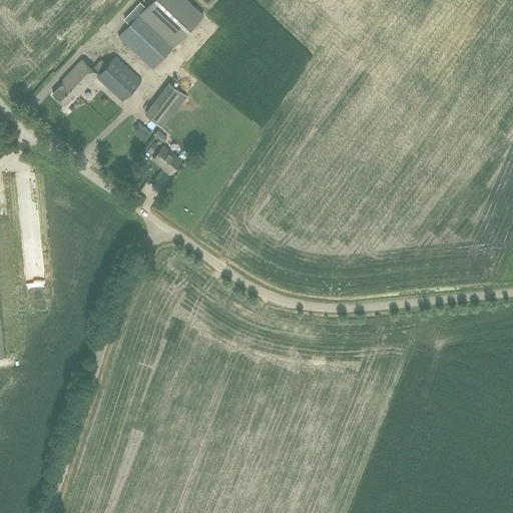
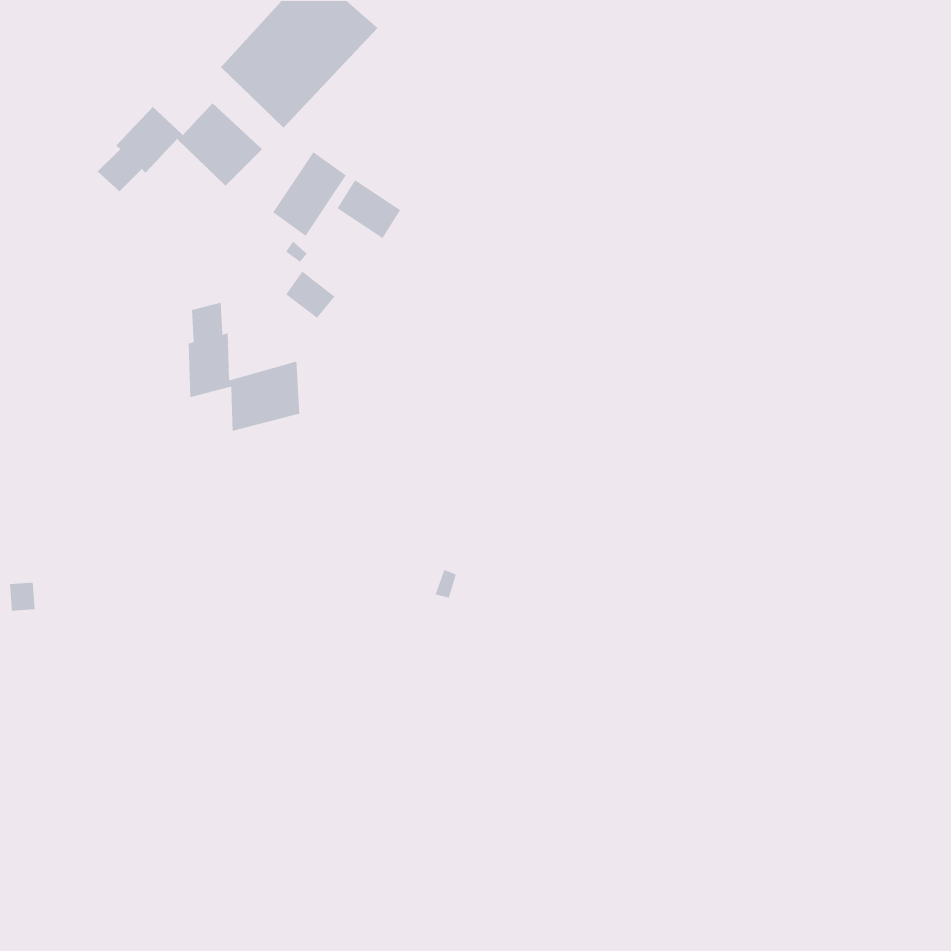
building: none -> [337,179,401,239]
building: none -> [188,302,300,432]

